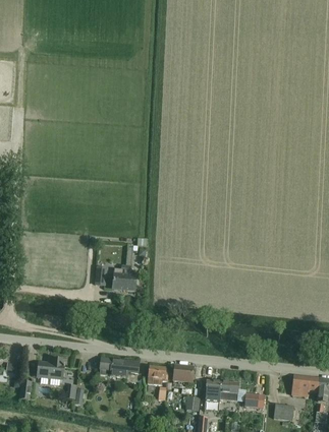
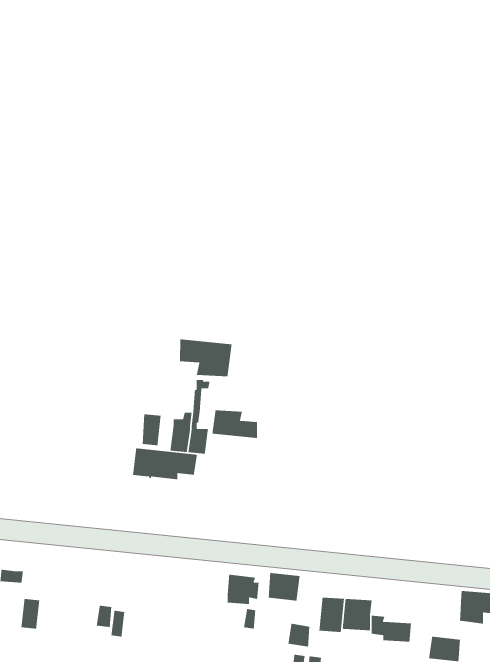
building: none -> [179,338,233,377]
building: none -> [211,410,258,439]
building: [100,358,141,378] -> [132,448,198,480]
building: [37,359,65,381] -> none

